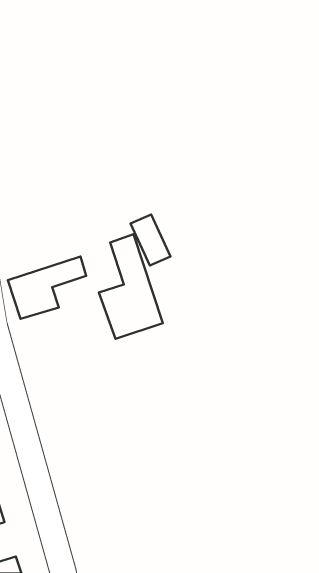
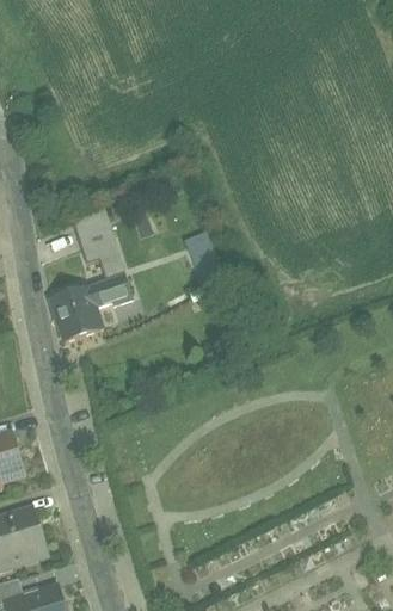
building: [99,234,163,339] -> none

